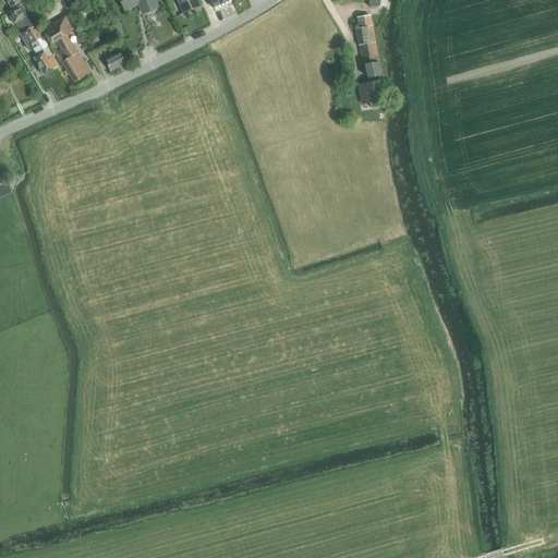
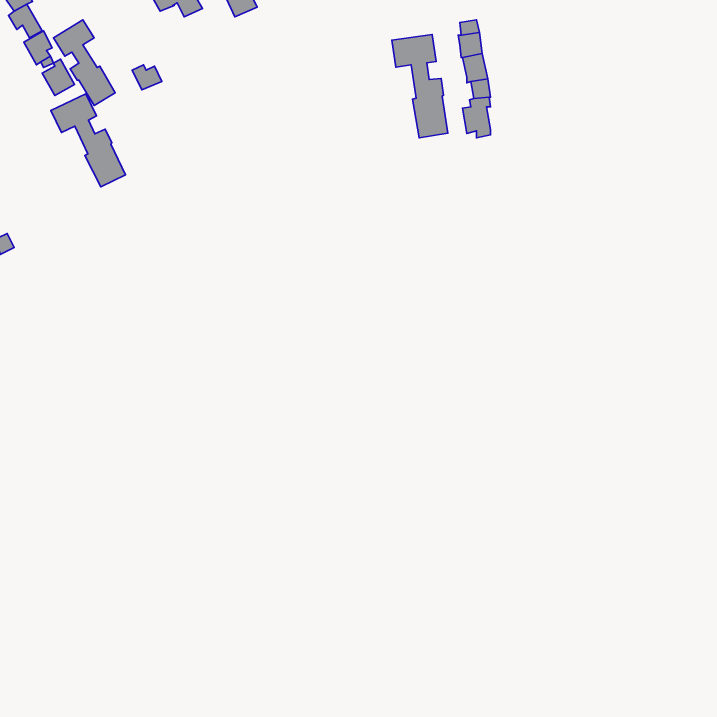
building: none -> [392,35,448,138]
building: none -> [51,94,126,187]

